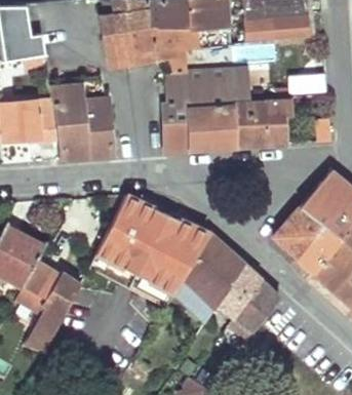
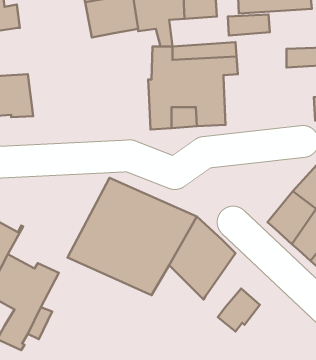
building: [49,76,113,158] -> none
building: [233,102,284,146] -> none
building: [217,265,262,316] -> none

